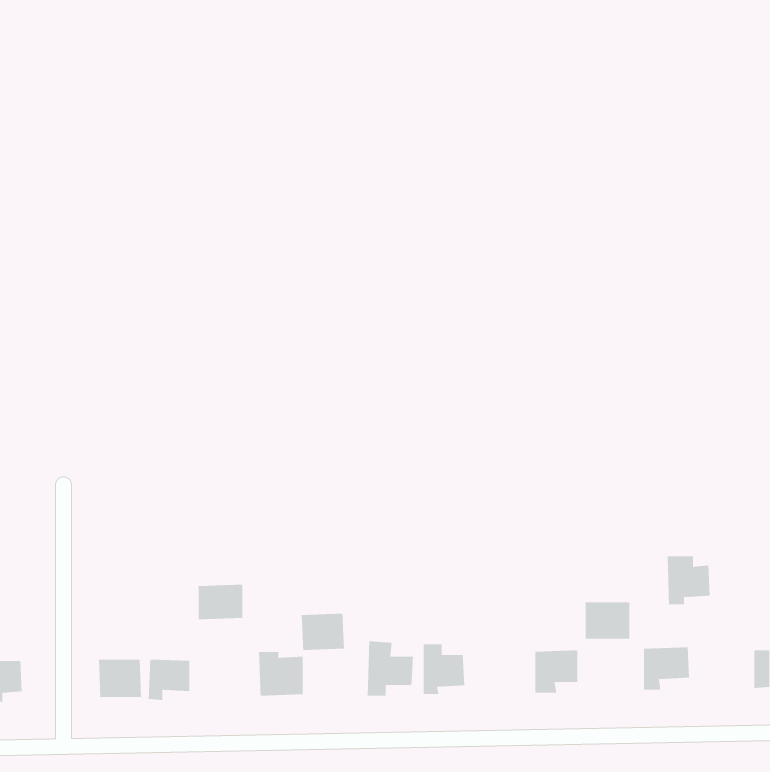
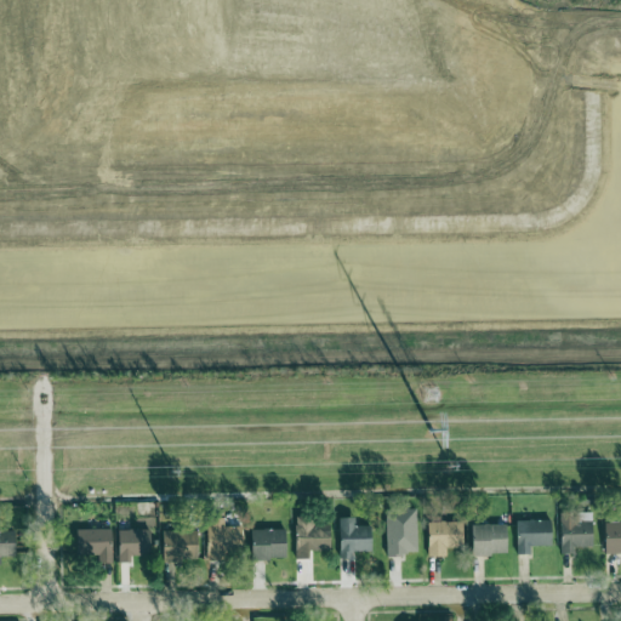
building: [667,555,711,605] -> [559,513,594,553]
building: [198,584,243,620] -> [164,530,200,559]
building: [585,602,630,639] -> [473,524,509,554]
building: [301,613,345,651] -> [252,529,287,559]
building: none -> [387,509,418,554]

